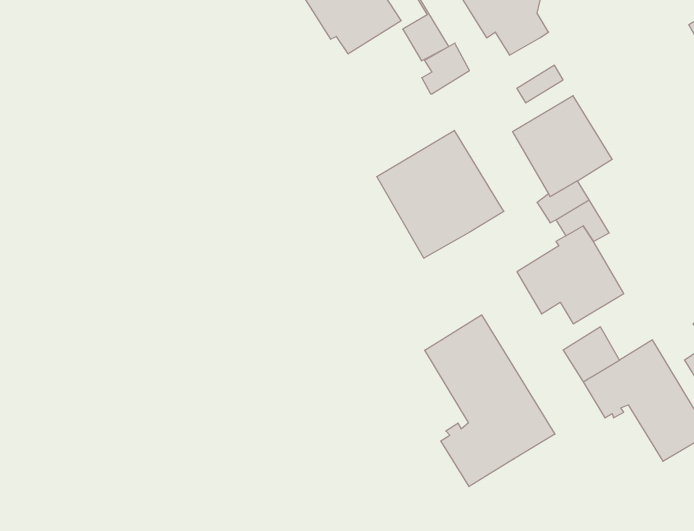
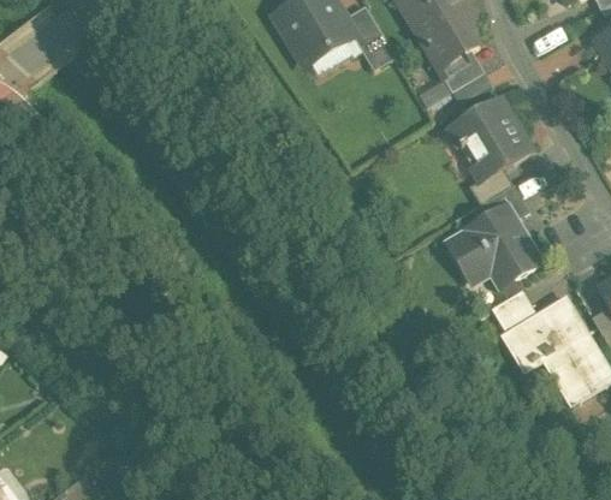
building: [422,43,469,94] -> [443,49,482,91]
building: [377,130,504,258] -> none
building: [425,315,555,487] -> none

